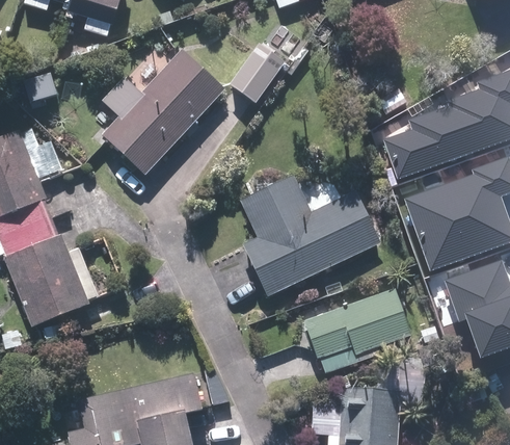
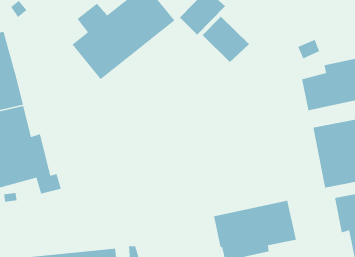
building: none -> [202,16,250,63]
building: [240,175,380,295] -> none

